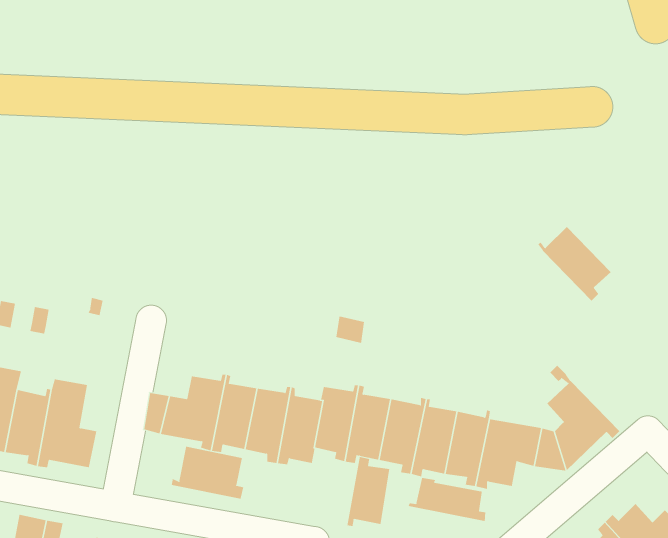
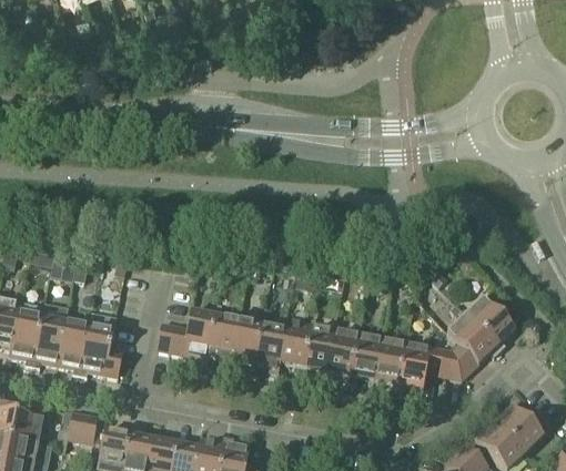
building: [538,226,611,301] -> [462,298,515,352]
building: [171,446,244,499] -> none
building: [347,456,390,527] -> none
building: [408,477,486,522] -> none

